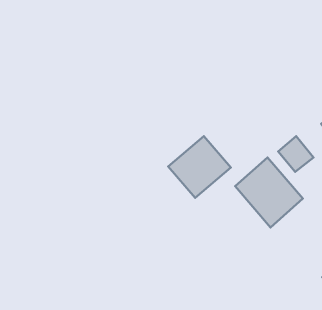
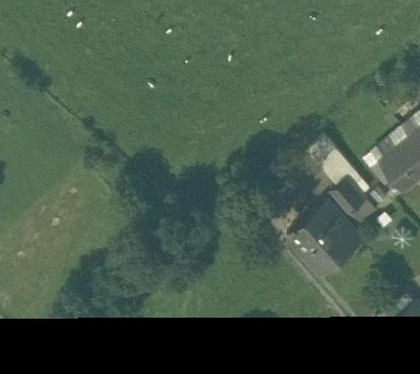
building: [168,136,231,198] -> none

